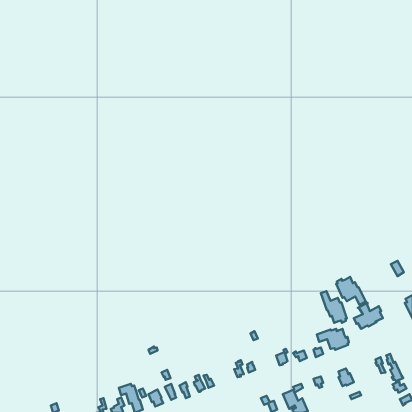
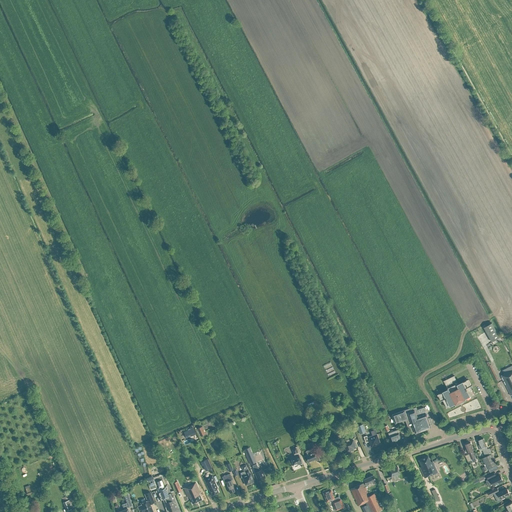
building: [336,277,366,305] -> none
building: [321,291,347,323] -> none

